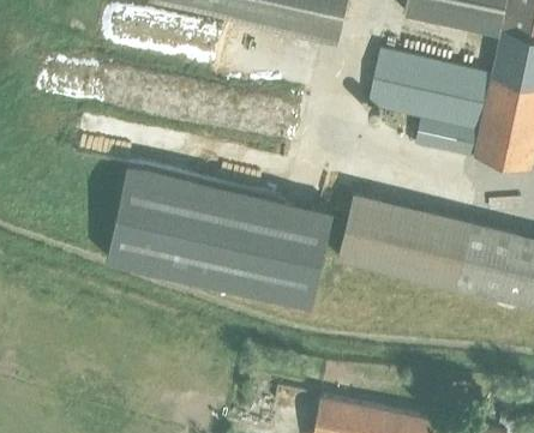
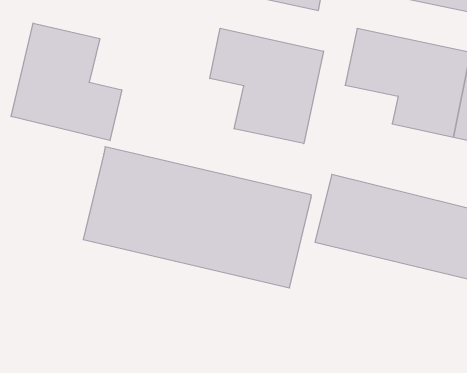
building: none -> [11,23,122,141]
building: none -> [210,28,323,144]

